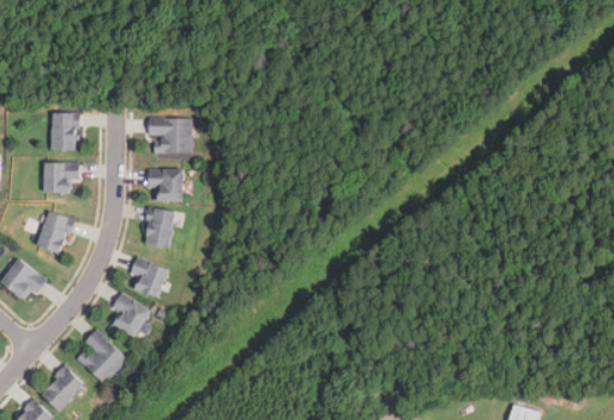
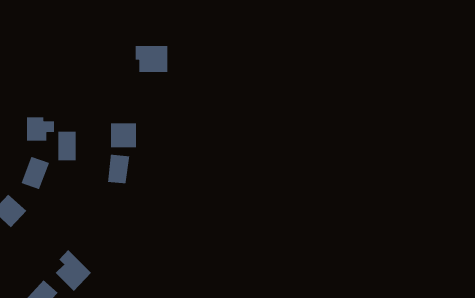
building: [52,113,76,151] -> [58,131,77,161]
building: [149,119,191,154] -> [135,45,168,73]
building: [130,257,169,298] -> none
building: [106,293,151,337] -> none

